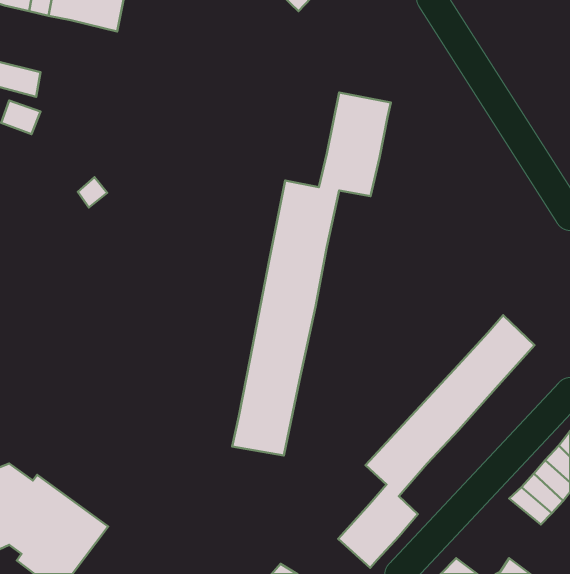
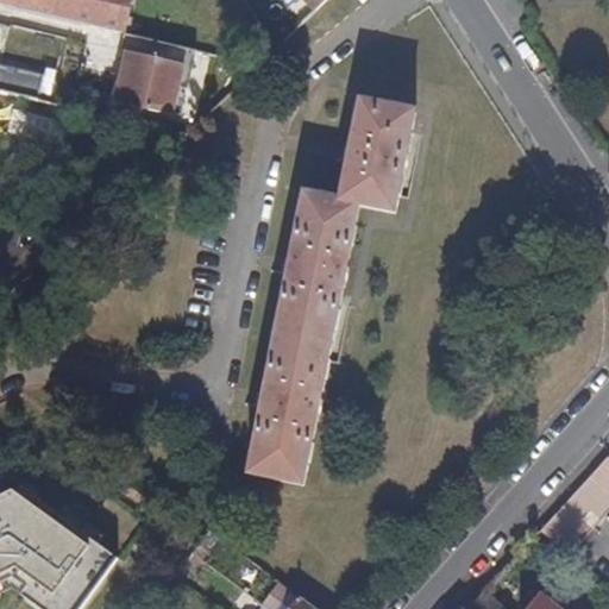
building: none -> [114,33,196,117]
building: [338,315,535,568] -> none

